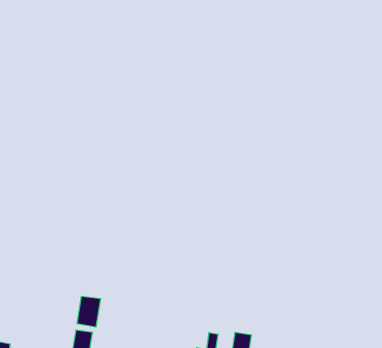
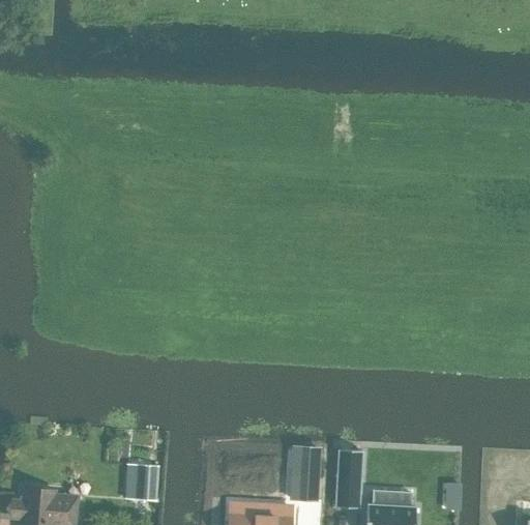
building: [77,296,100,327] -> none

